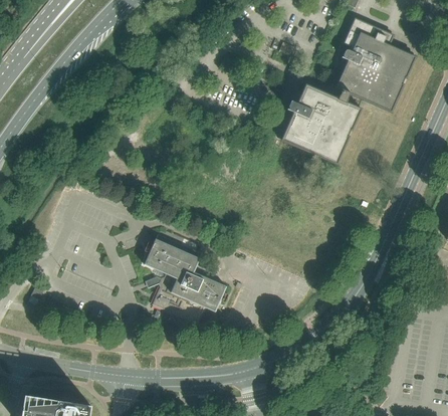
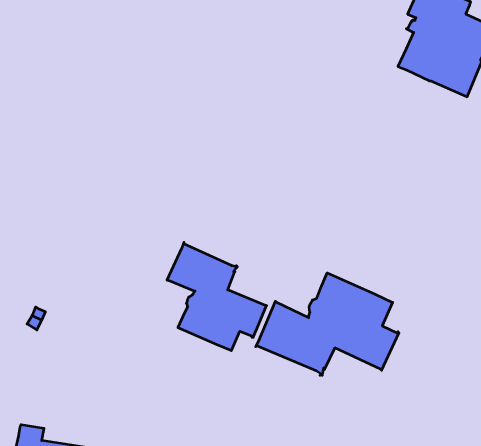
building: [281,83,363,165] -> none
building: none -> [256,273,399,375]

